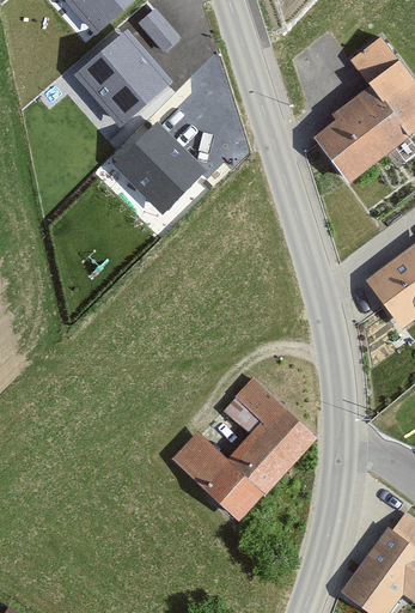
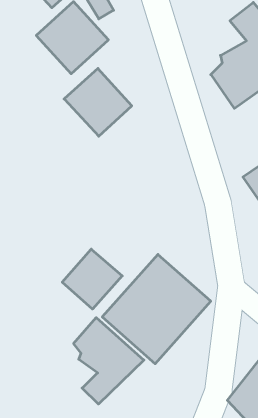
building: none -> [62,249,122,309]
building: none -> [74,318,144,404]

